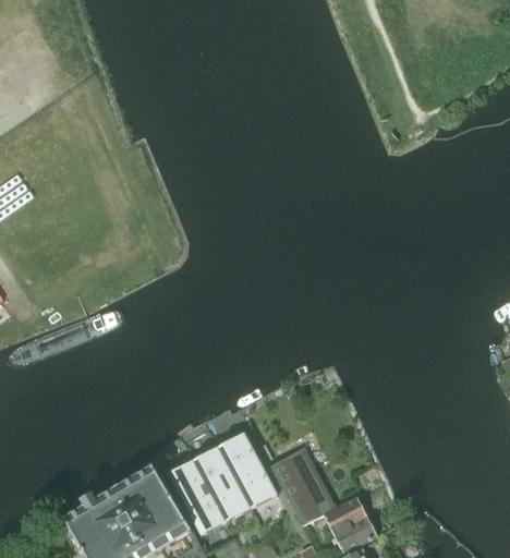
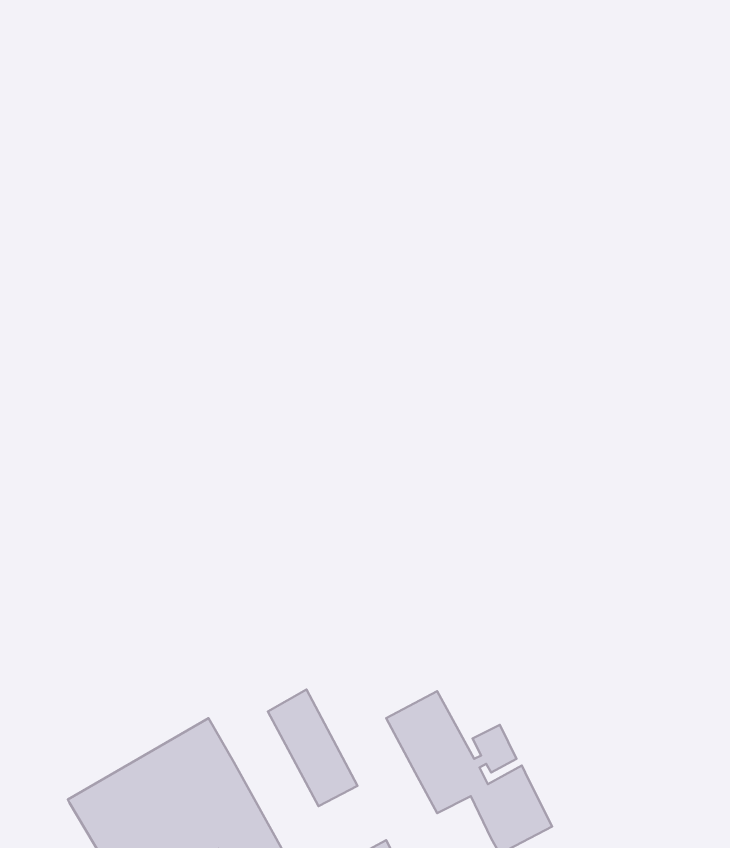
building: [218,433,277,508] -> none
building: [167,460,226,535] -> none

